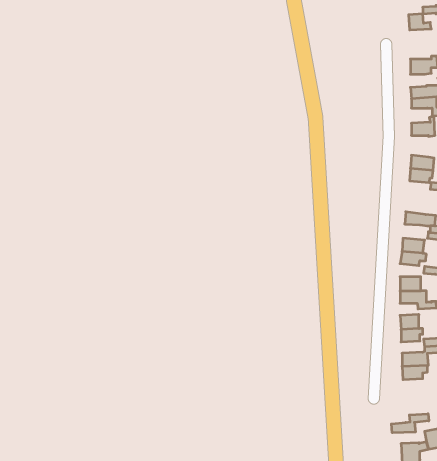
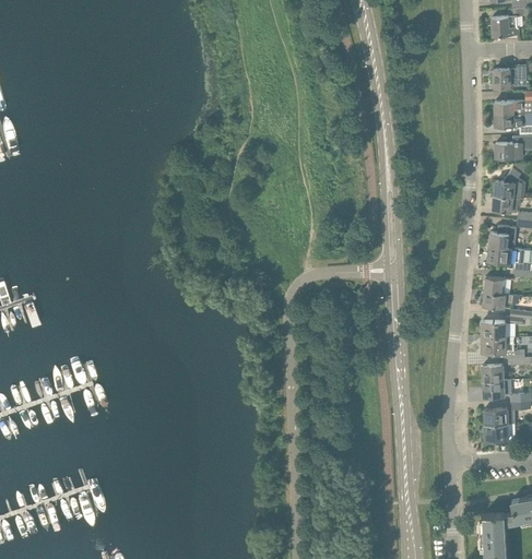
building: none -> [488,226,515,250]
building: [391,414,429,433] -> none

